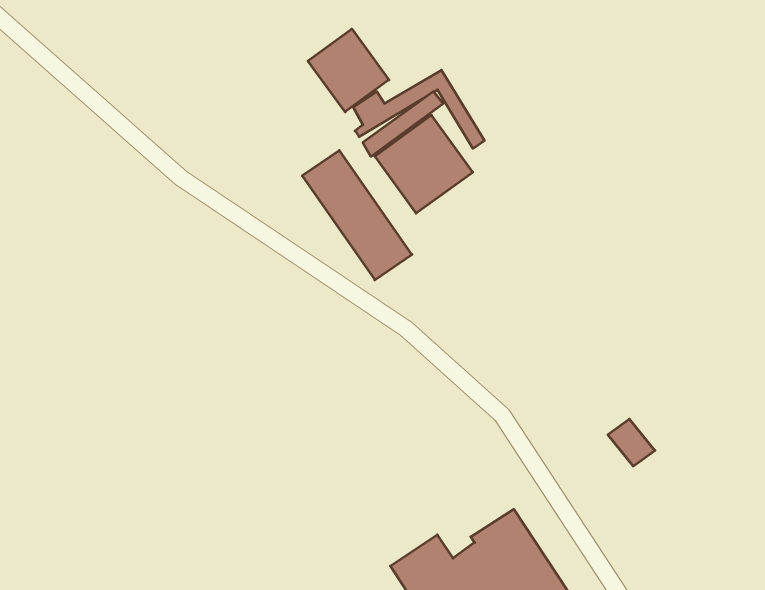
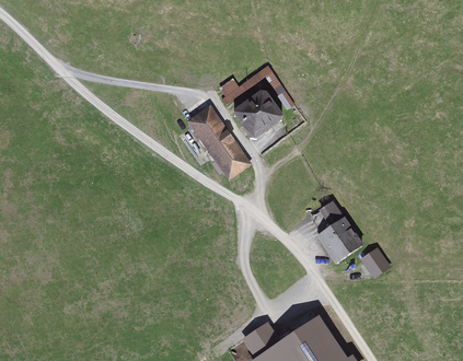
building: [308,29,389,112] -> none
building: none -> [308,205,362,265]

